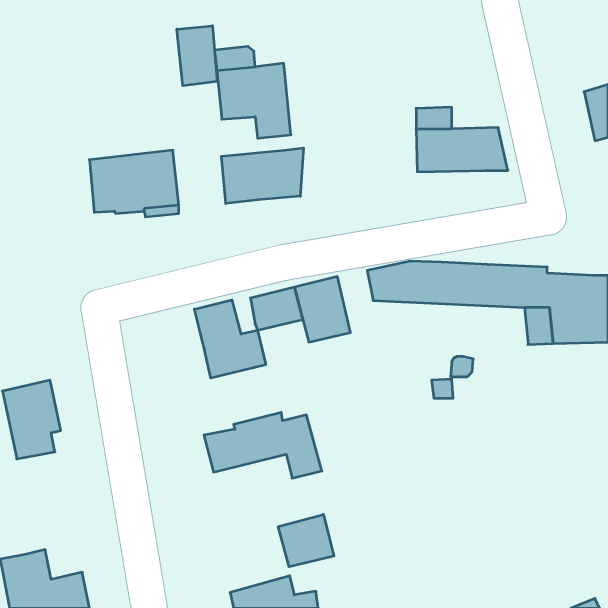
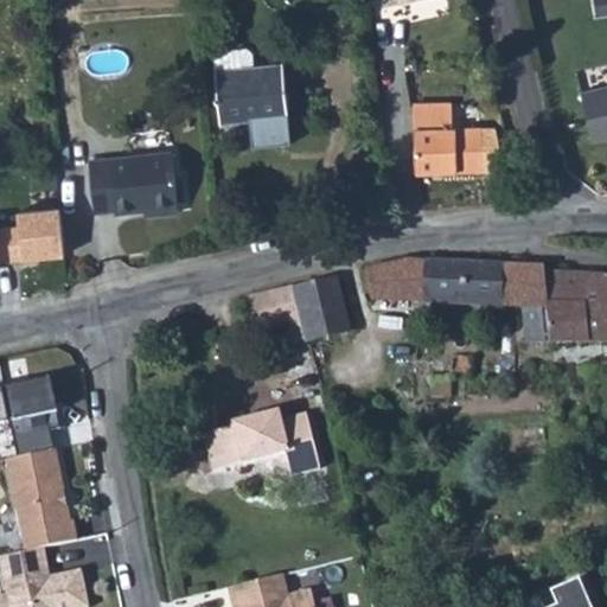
building: [177,26,217,86] -> none
building: [222,148,304,204] -> none
building: none -> [18,215,64,264]
building: [194,300,266,378] -> none
building: none -> [6,449,77,551]
building: [278,514,334,567] -> none

